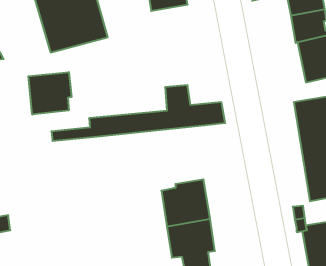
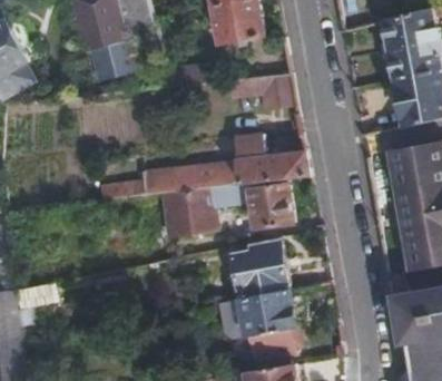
building: none -> [247,74,287,109]
building: [28,72,72,115] -> none
building: none -> [159,177,292,240]

